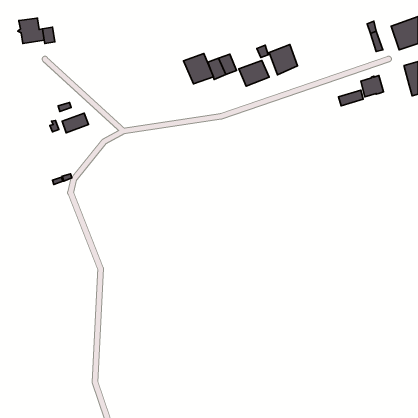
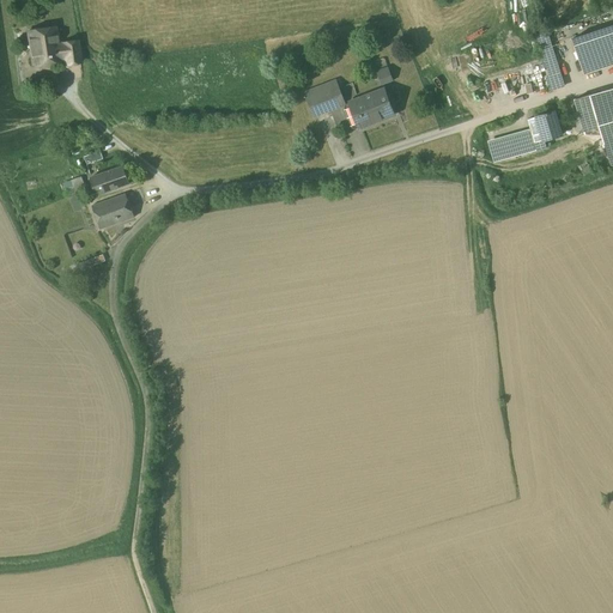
building: [269,44,297,75] -> none
building: [183,53,213,84] -> none
building: none -> [575,95,599,129]
building: none -> [92,193,134,227]

